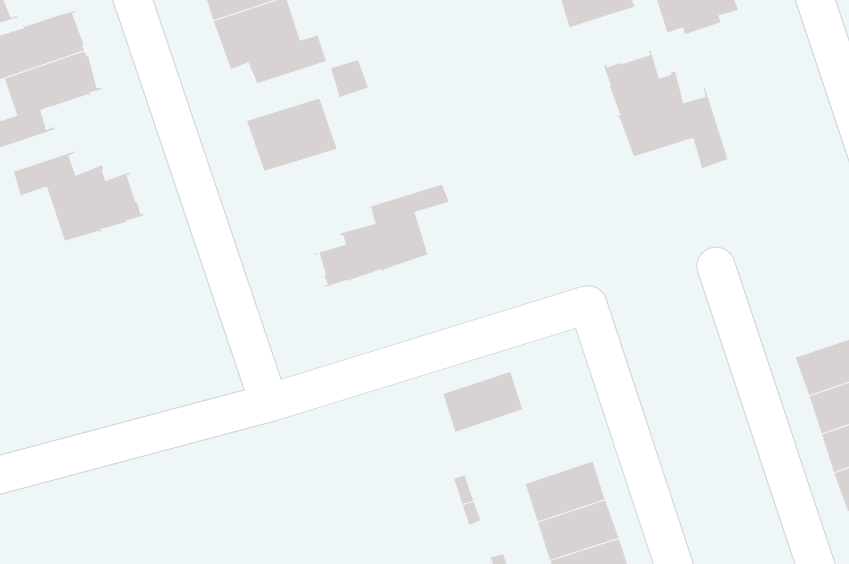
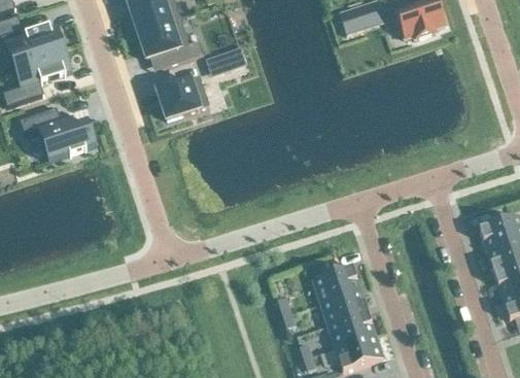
building: [603,49,728,169] -> none
building: [313,184,449,288] -> none
building: [443,371,523,432] -> [313,266,360,302]

